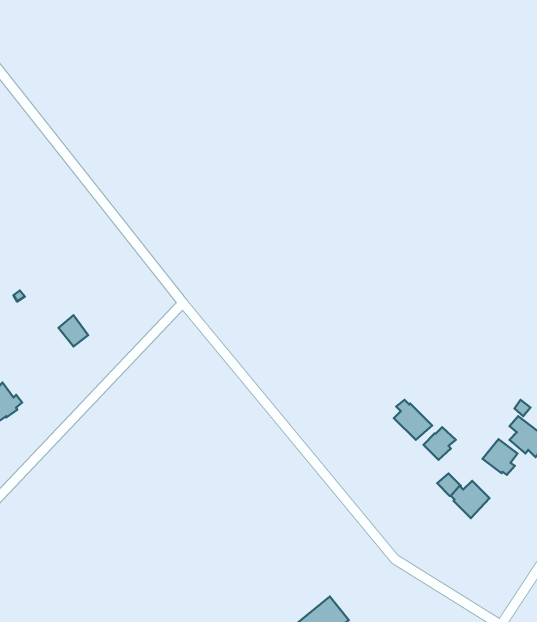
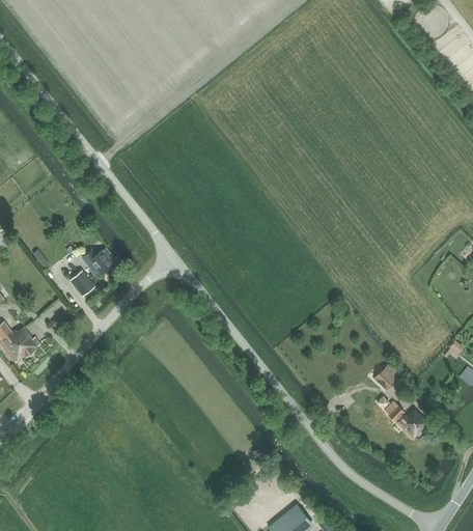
building: none -> [82,249,113,276]
building: [394,400,432,440] -> none
building: [483,439,518,475] -> none

